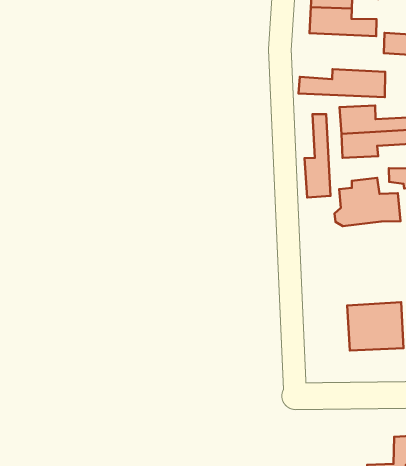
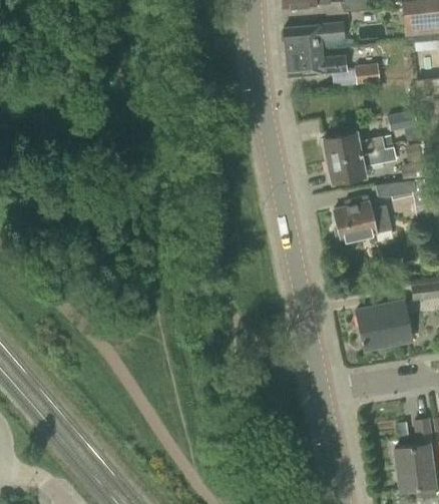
building: [298,69,385,97] -> none
building: [305,114,331,197] -> none

